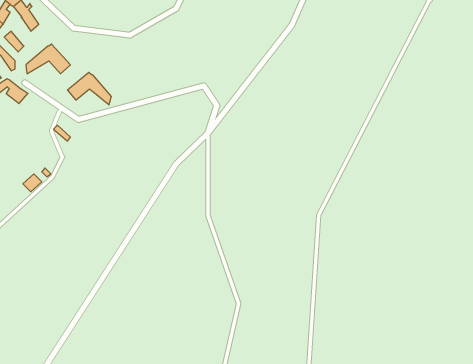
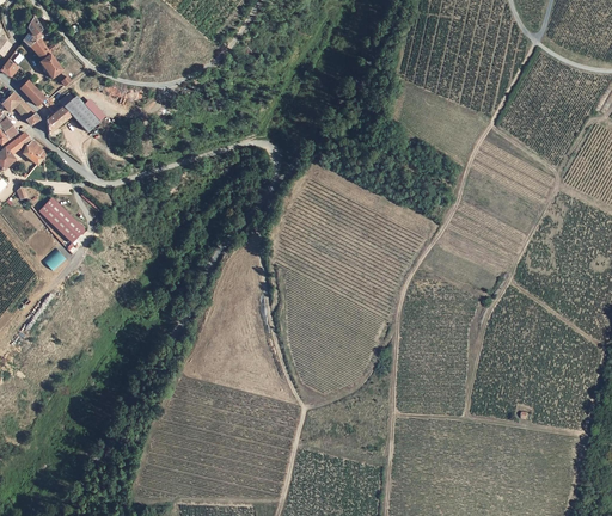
building: [68,72,111,105] -> none
building: none -> [37,196,80,240]

